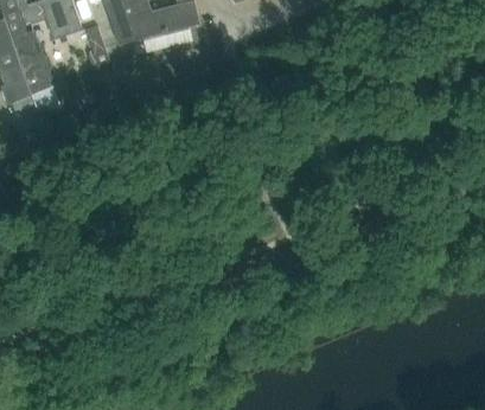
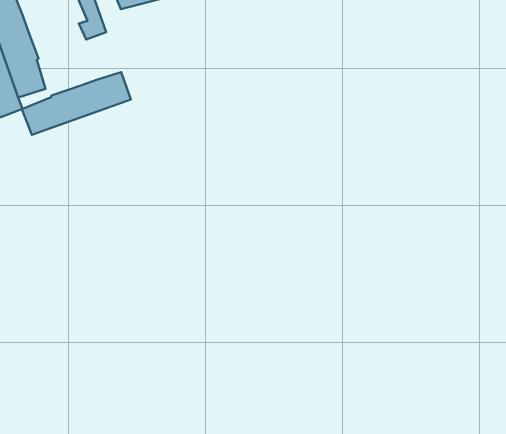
building: none -> [22,72,131,135]

